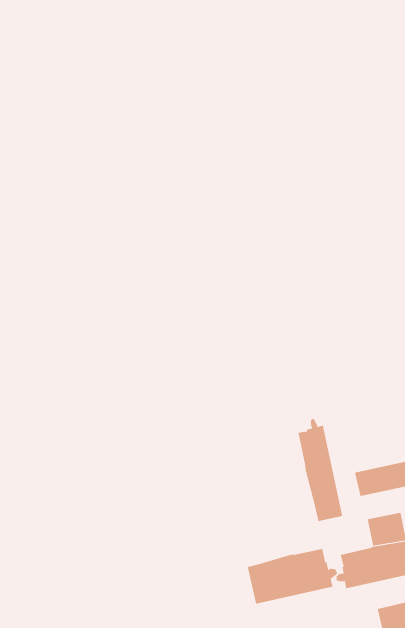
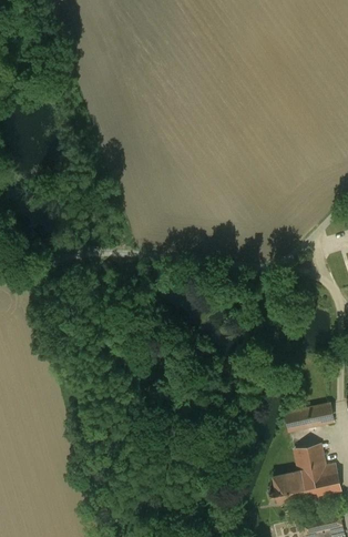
building: [298,418,343,522] -> none
building: [247,548,338,604] -> none

